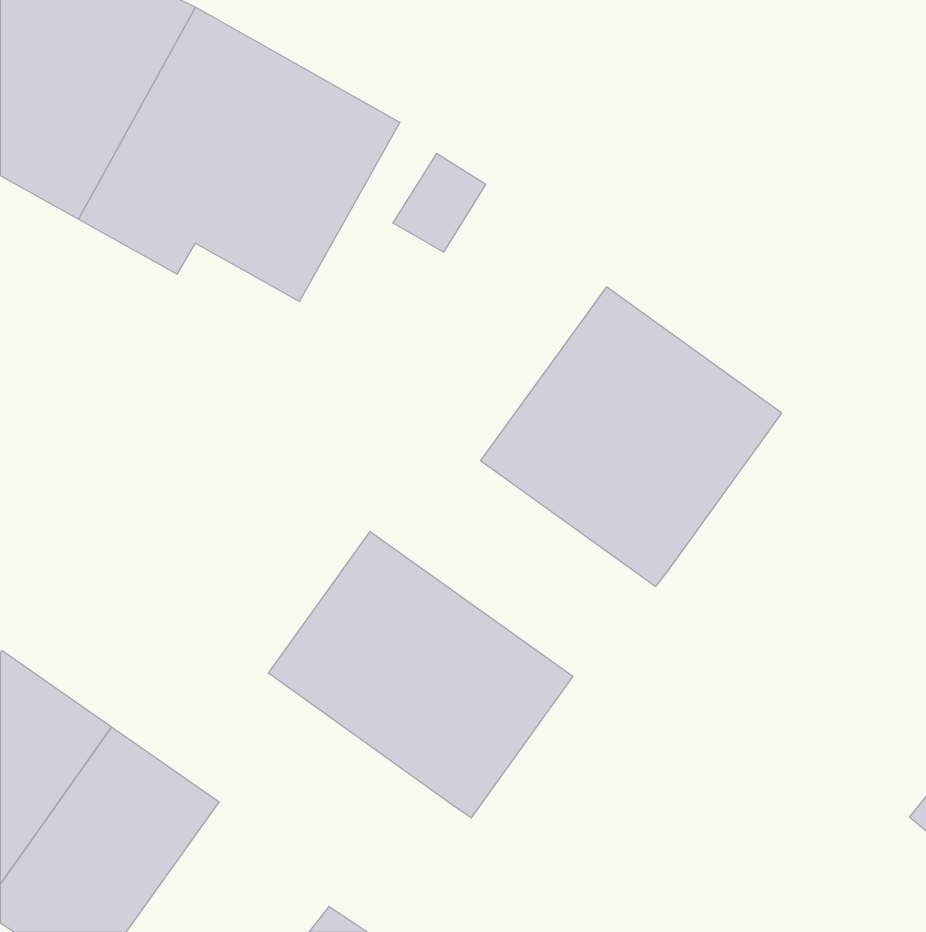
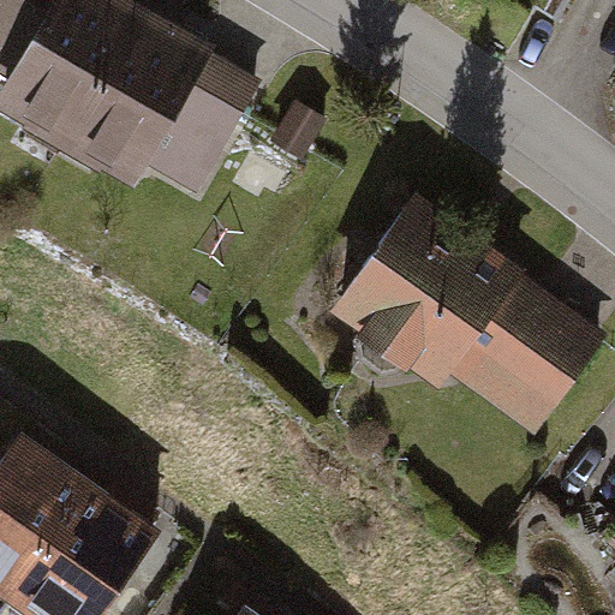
building: none -> [444,271,608,430]
building: [268,531,573,818] -> none

